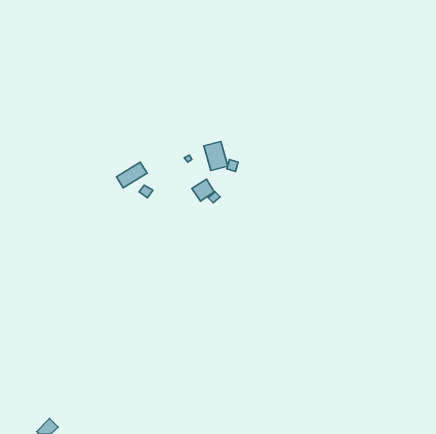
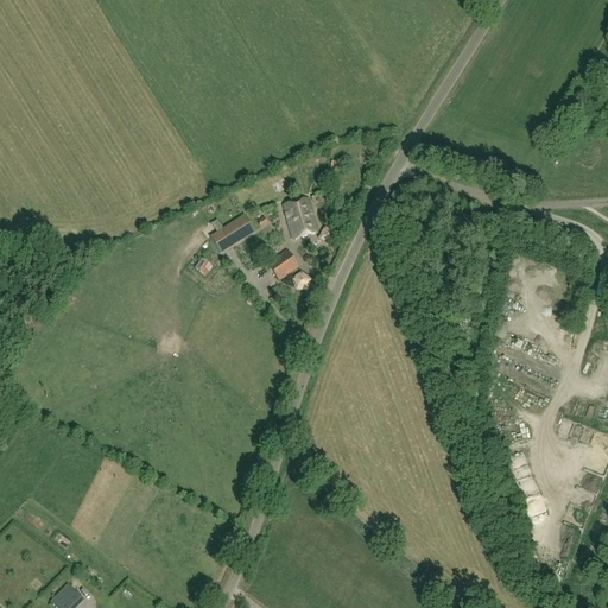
building: [116,162,147,188] -> [211,215,254,251]

